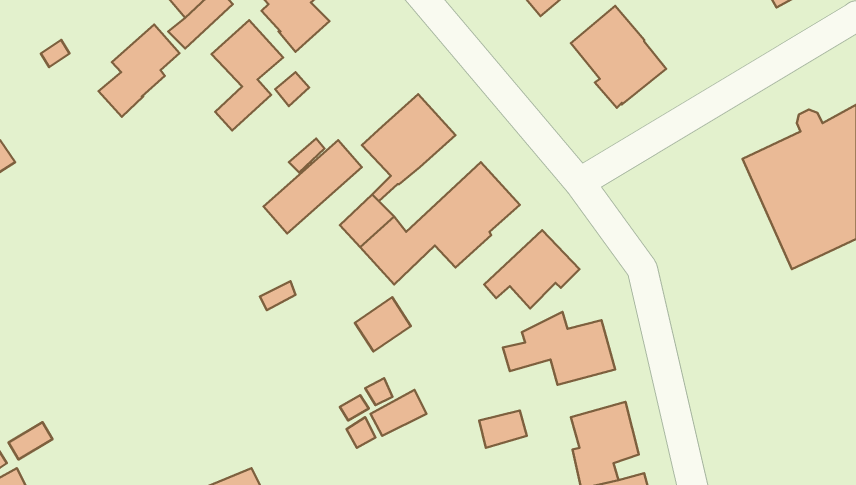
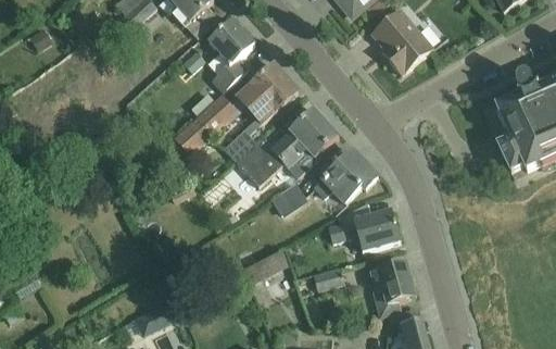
building: [212,20,283,131] -> [210,20,255,90]
building: [99,24,179,117] -> none
building: [355,297,411,352] -> [270,184,306,219]

